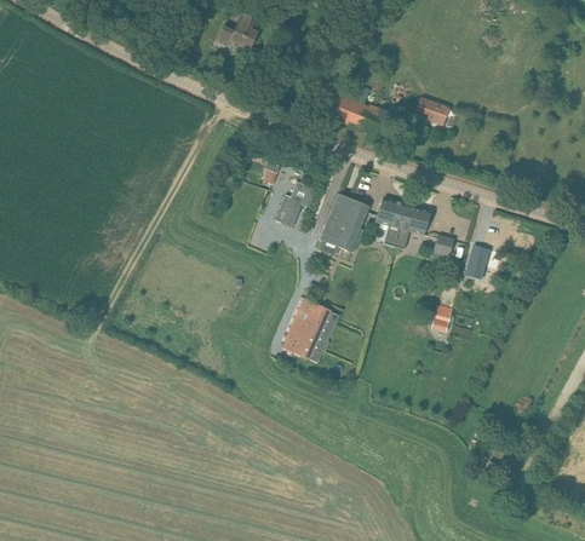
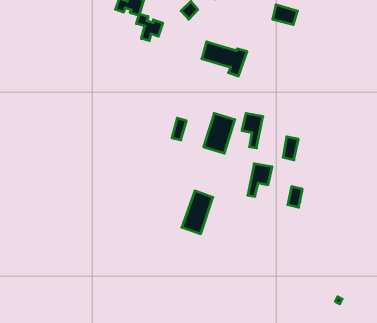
building: none -> [136,14,163,41]
building: [414,94,449,123] -> [273,5,298,25]
building: [395,203,431,248] -> [248,164,272,196]
building: [463,243,489,280] -> none

